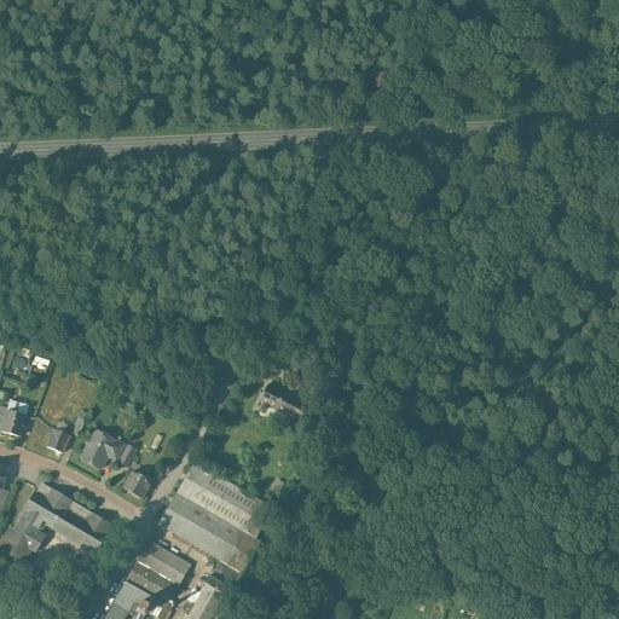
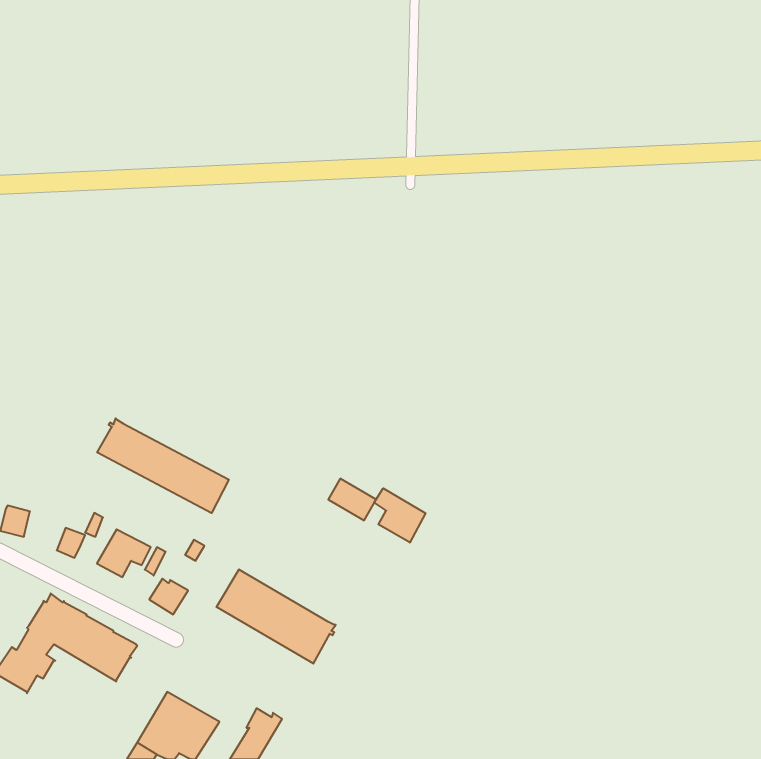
building: none -> [97,418,229,513]
building: none -> [374,488,425,543]
building: [157,492,259,580] -> none
building: [135,539,190,585] -> none

